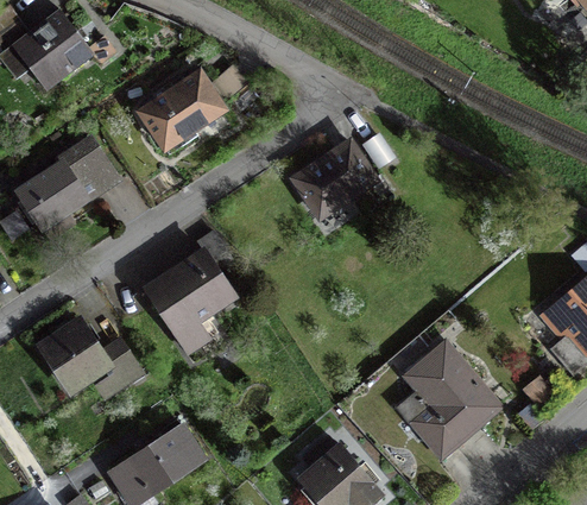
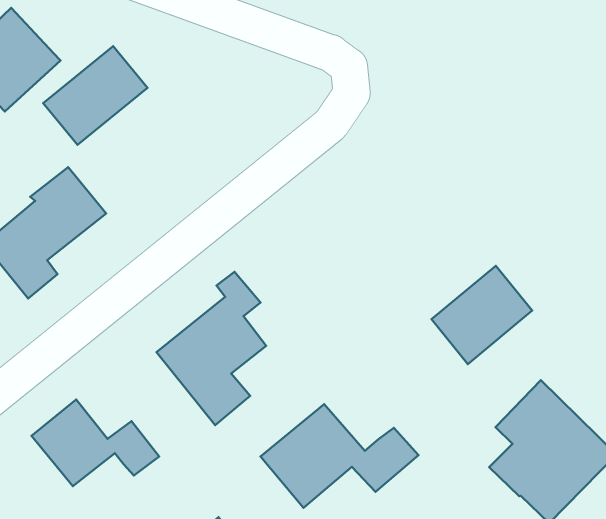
building: [139,72,222,147] -> [43,46,148,145]
building: [294,141,373,216] -> [432,266,532,364]
building: none -> [261,404,418,508]

